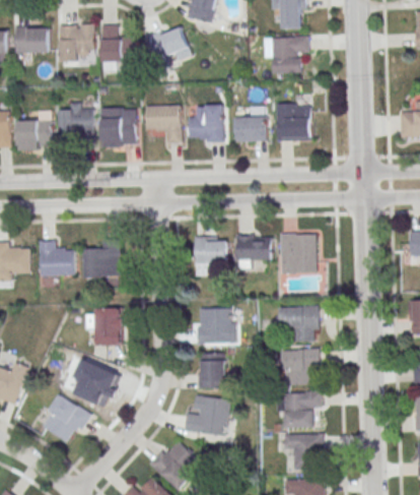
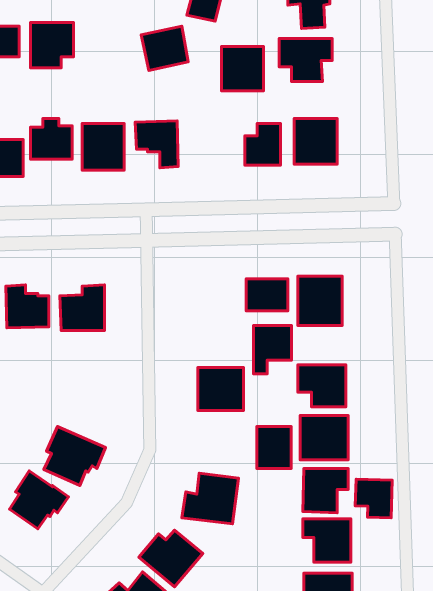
building: [101,24,136,70] -> none
building: [189,105,223,141] -> [222,47,264,91]
building: [195,236,226,275] -> [253,326,292,374]
building: [94,308,122,345] -> none
building: [197,353,225,387] -> [257,427,291,468]
building: none -> [355,479,392,518]

